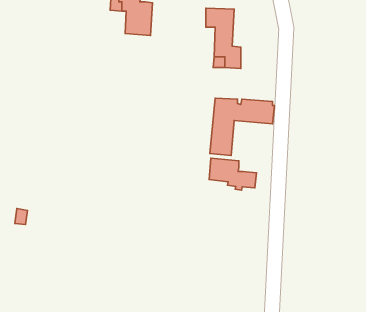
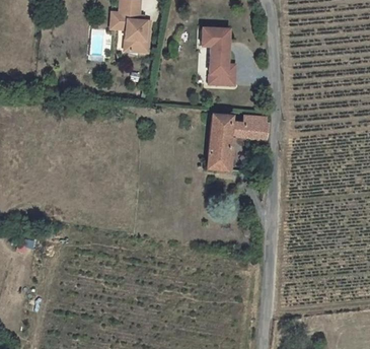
building: [209,158,256,190] -> none

